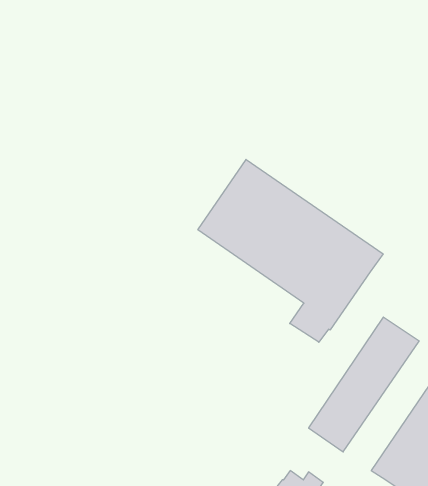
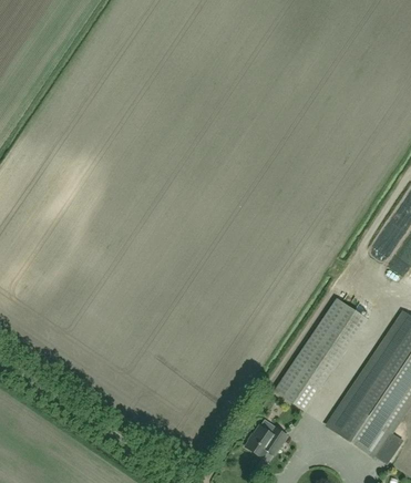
building: [198,159,383,342] -> none

